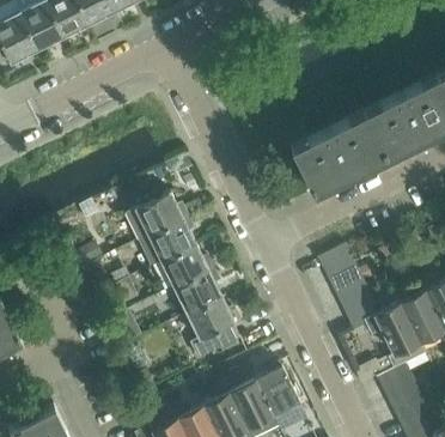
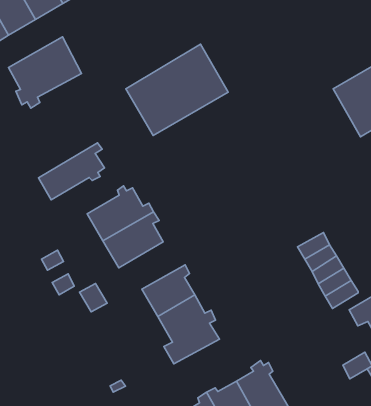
building: none -> [9,37,82,108]
building: [289,111,385,194] -> [126,44,228,135]
building: none -> [38,143,105,200]
building: [158,244,213,287] -> none

